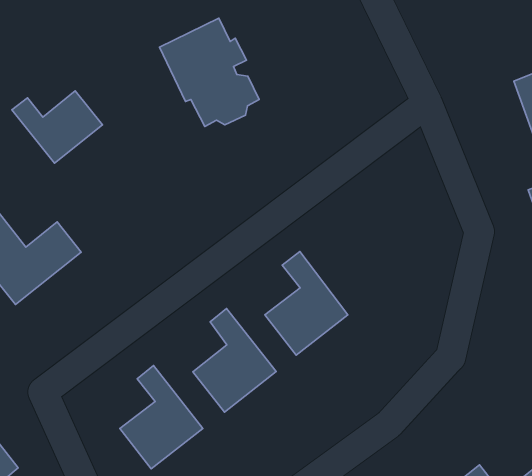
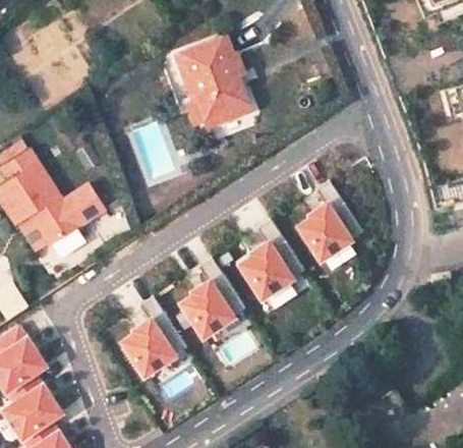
building: [12,91,103,163] -> none
building: none -> [298,183,361,261]

